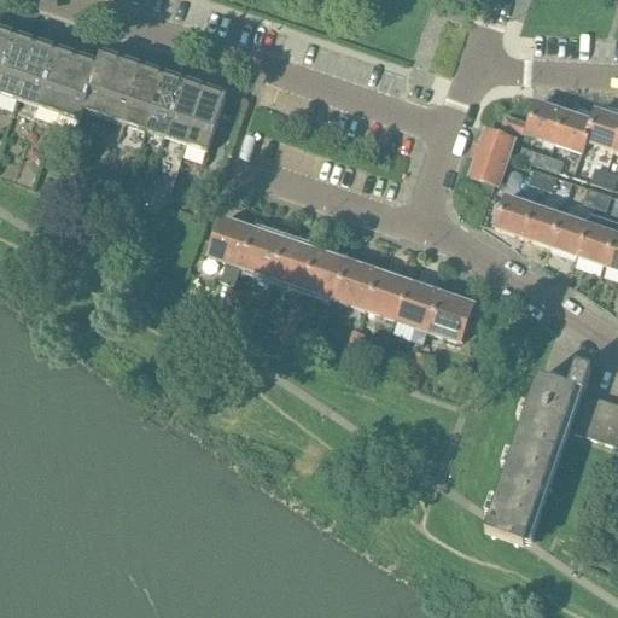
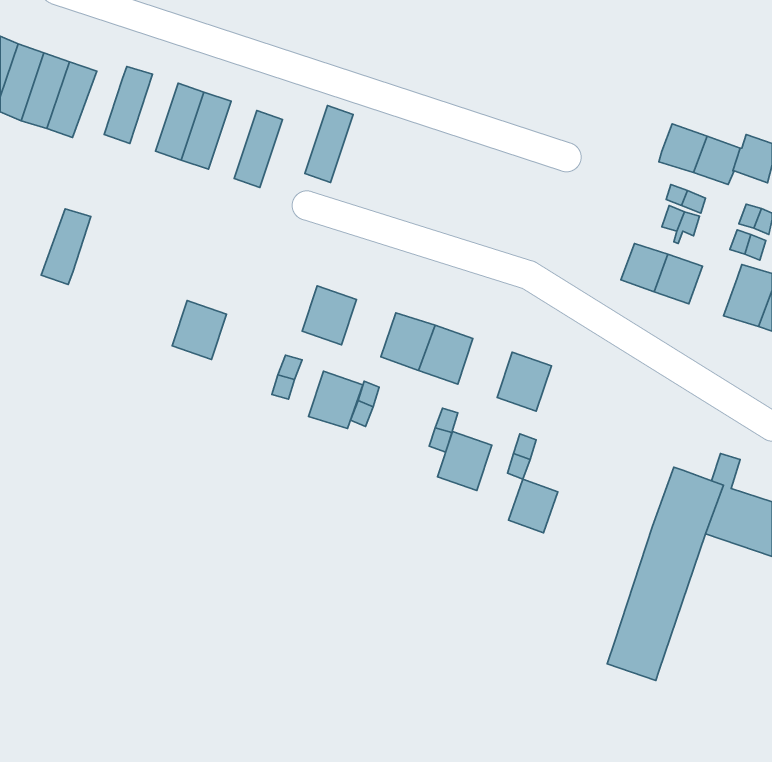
building: [58,57,98,117] -> [41,209,91,284]
building: [104,59,142,121] -> none
building: [167,81,205,142] -> [305,105,353,183]
building: [470,112,529,181] -> none
building: [550,212,589,252] -> none
building: [210,217,253,264] -> [172,301,226,360]
building: [273,239,316,285] -> [308,371,363,429]
building: [366,270,409,317] -> [437,431,492,490]
building: [428,292,472,339] -> none
building: none -> [508,479,558,533]

